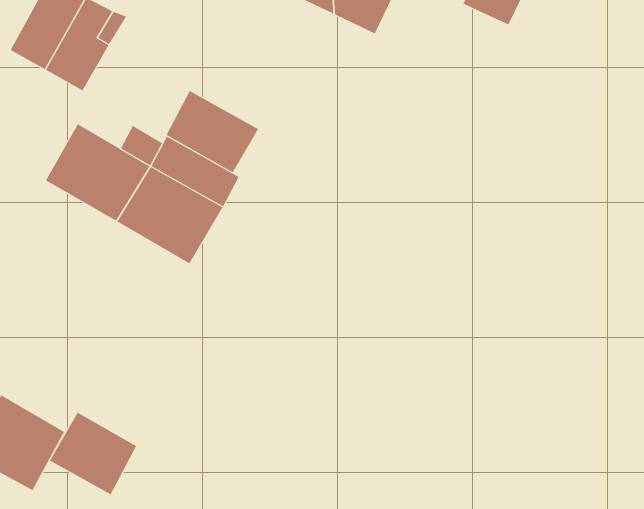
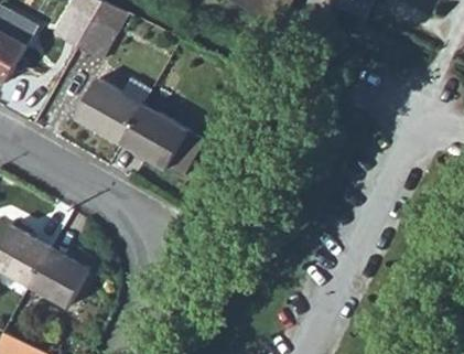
building: [166,90,259,173] -> none
building: [49,412,137,495] -> none

